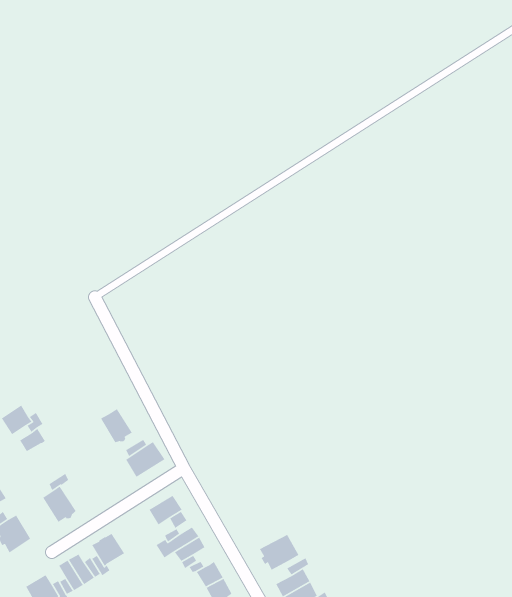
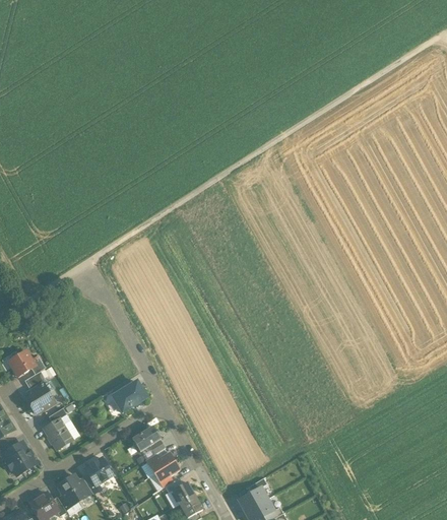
building: [99,408,133,443] -> none
building: none -> [26,383,54,412]
building: [259,534,299,570] -> none

